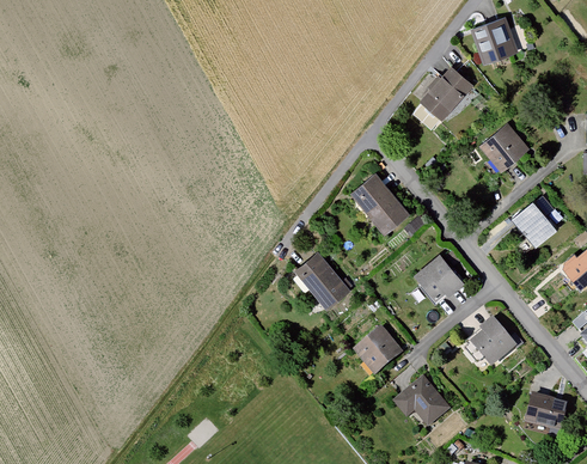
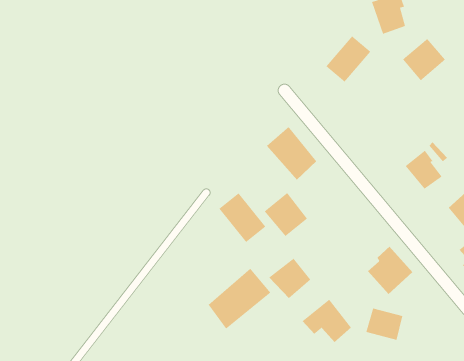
building: [478,122,530,172] -> [402,38,446,81]
building: [412,254,464,306] -> [264,192,308,237]
building: none -> [208,268,271,329]
building: [524,393,568,432] -> [366,308,403,340]

